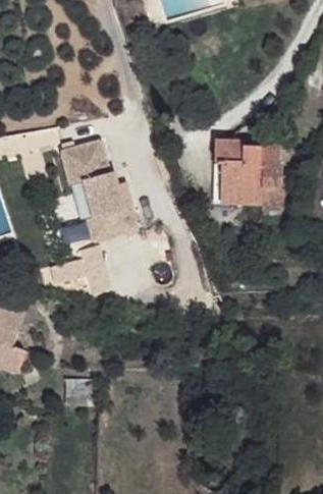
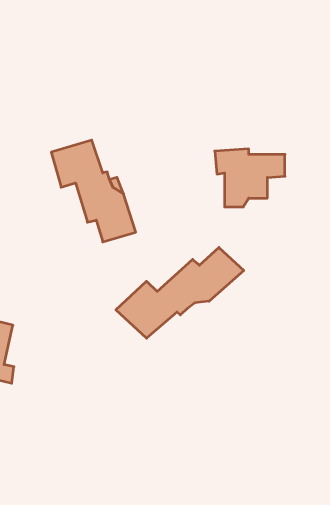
building: none -> [116,247,244,338]

